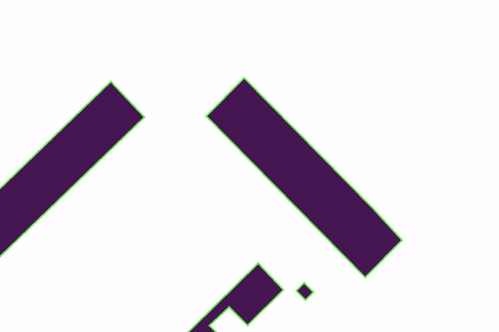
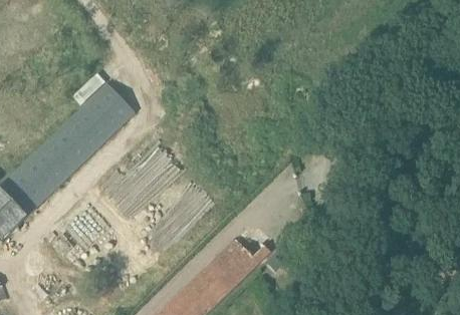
building: [206,78,402,278] -> none

